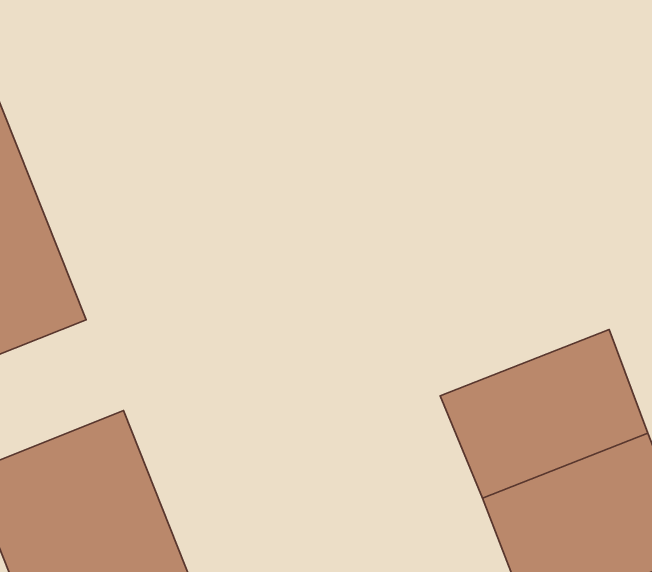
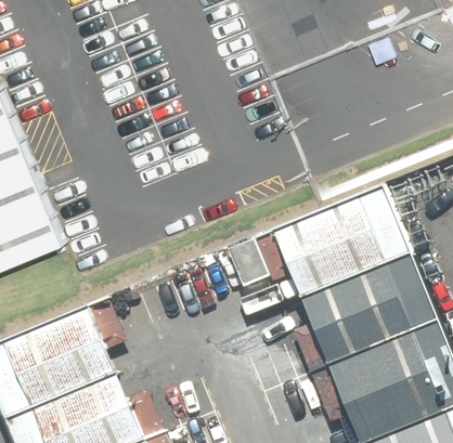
building: none -> [272,186,412,298]

